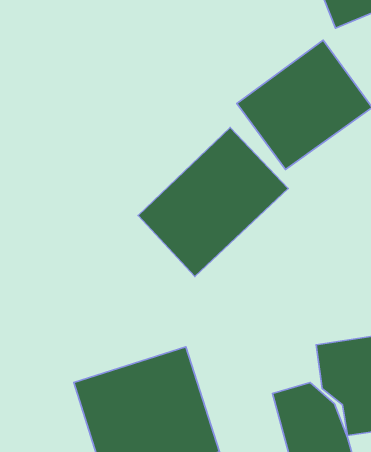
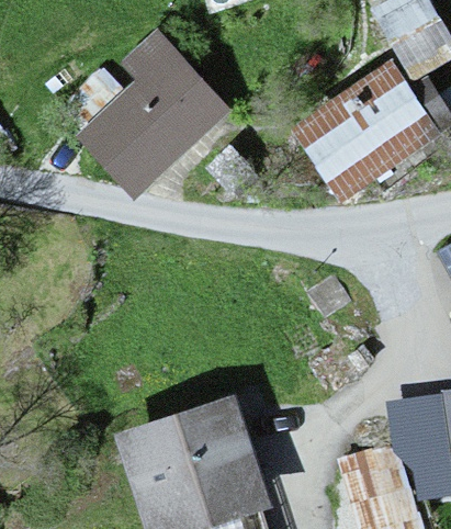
building: none -> [64,34,230,200]
building: [138,127,288,277] -> none

